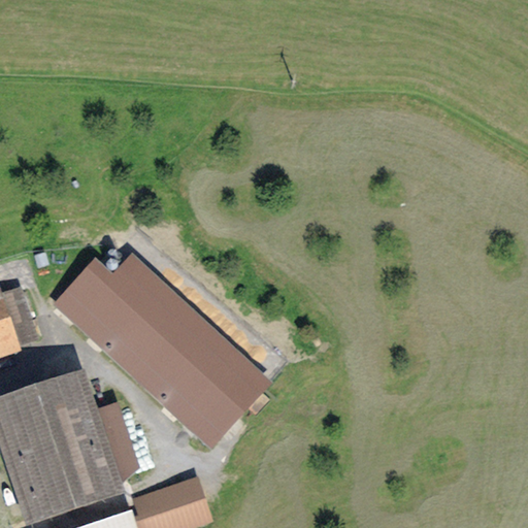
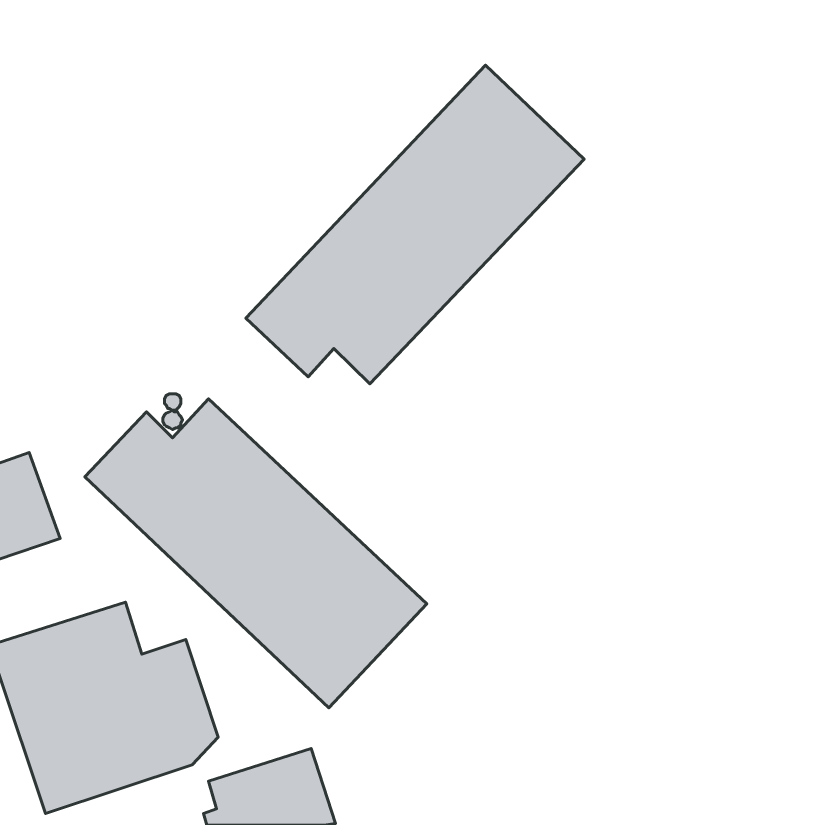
building: none -> [246,65,584,384]

